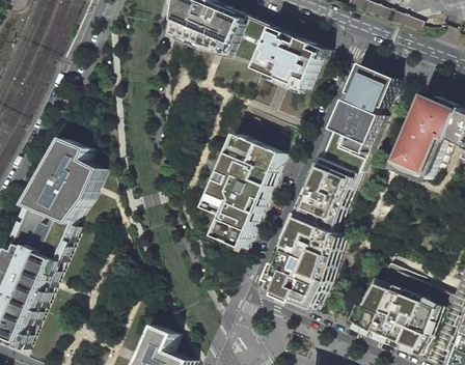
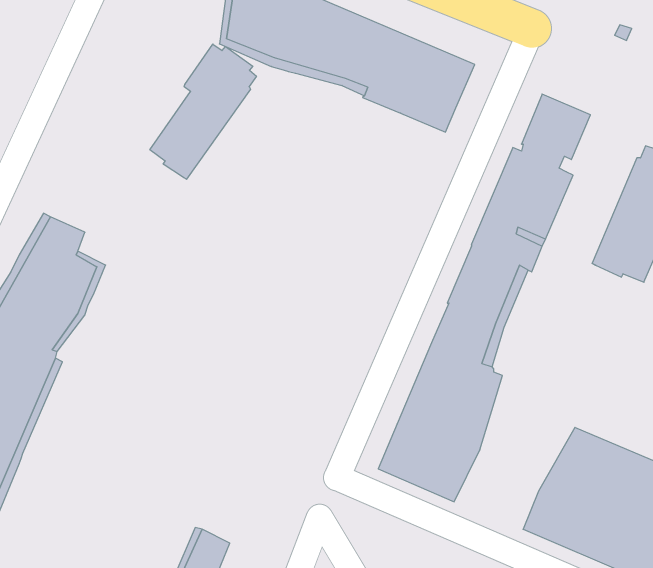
building: none -> [150,44,256,179]
building: [195,132,279,251] -> none

